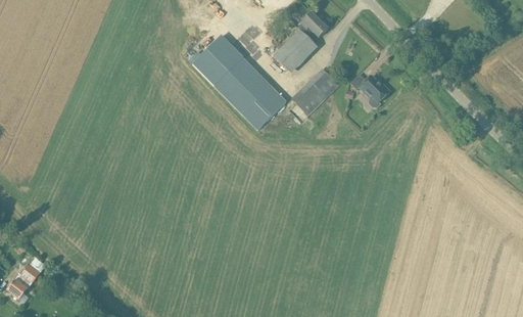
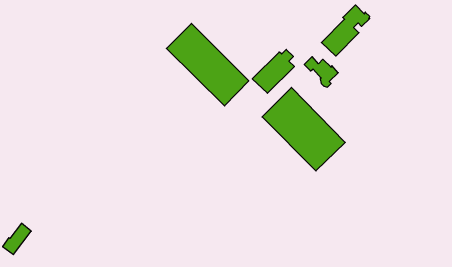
building: [273,13,328,72] -> [321,5,370,56]
building: none -> [262,87,345,171]

